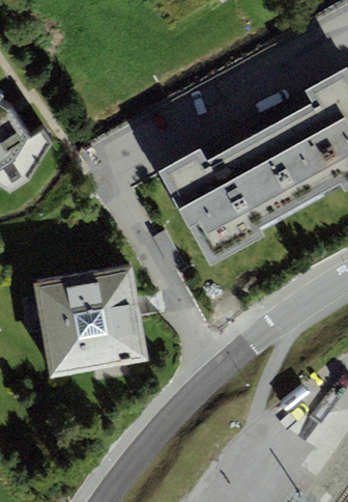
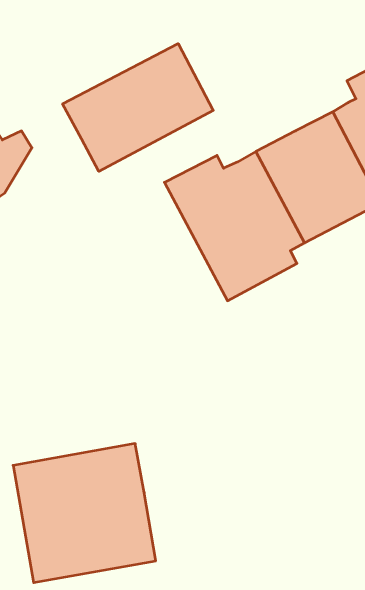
building: none -> [63,44,213,171]
building: [32,264,147,376] -> [13,444,156,583]

